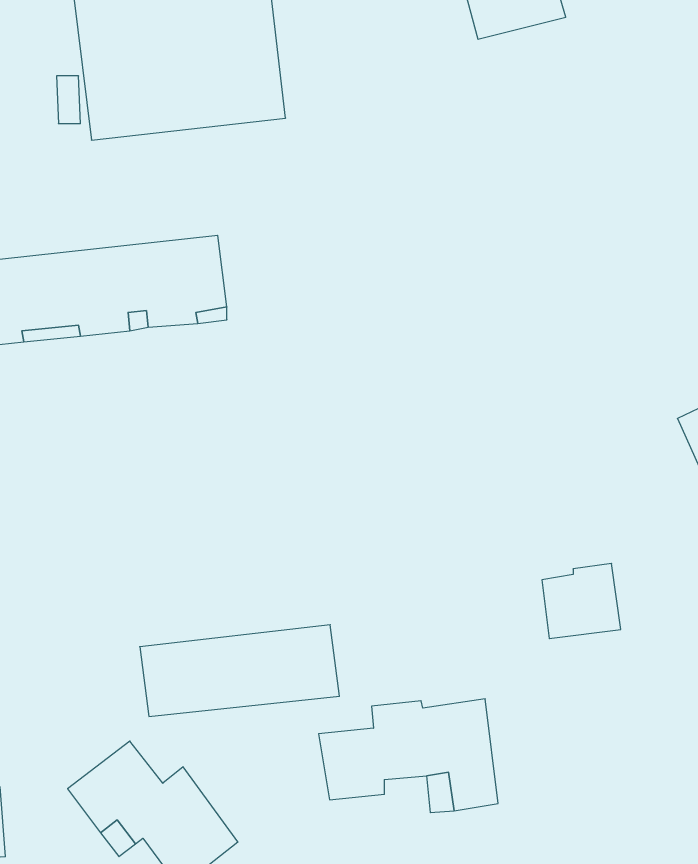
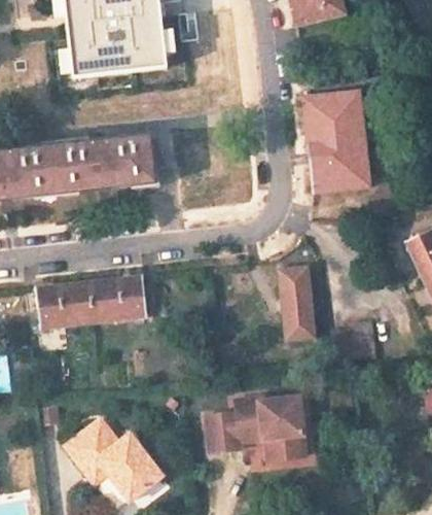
building: none -> [301,90,369,193]
building: none -> [277,265,316,341]
building: [140,625,339,716] -> [35,275,147,327]

